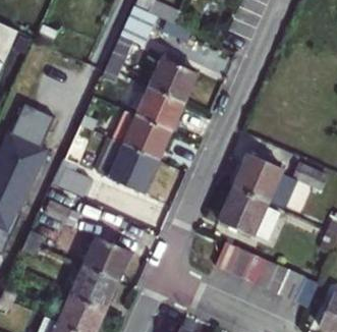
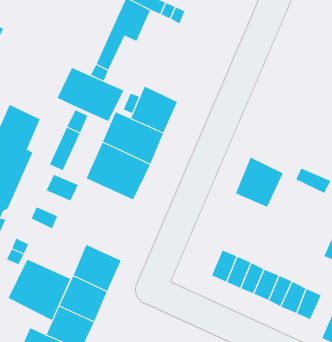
building: [152,58,196,102] -> none
building: none -> [57,67,124,122]
building: [221,188,283,235] -> none
building: none -> [8,259,71,321]

